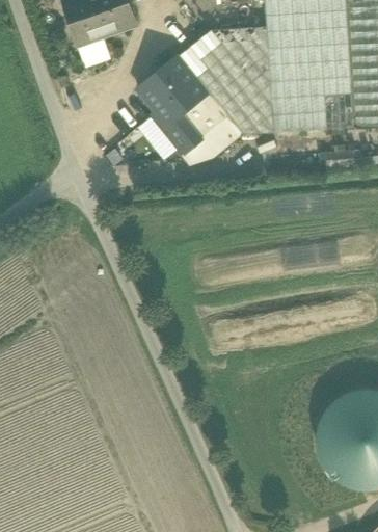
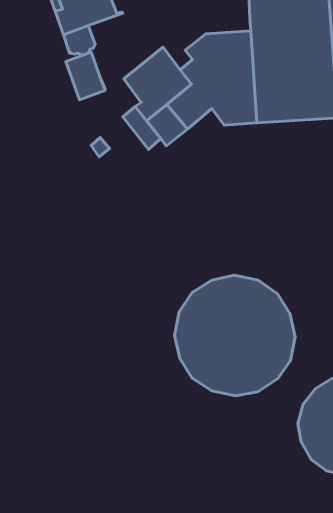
building: [179,27,267,79] -> none
building: none -> [66,52,105,100]
building: [181,118,240,166] -> none
building: none -> [174,275,295,396]

